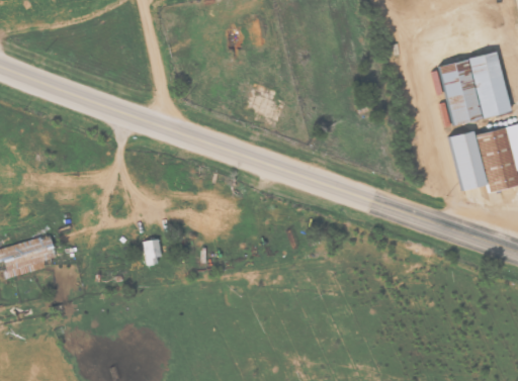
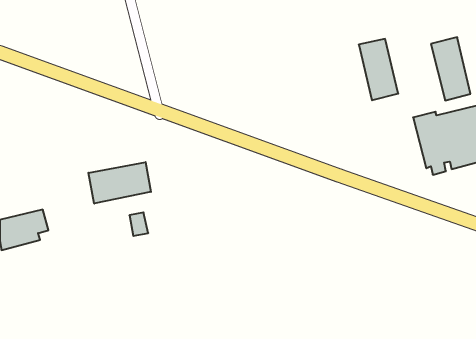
building: [439,59,482,124] -> [359,39,398,100]
building: none -> [88,162,151,204]

